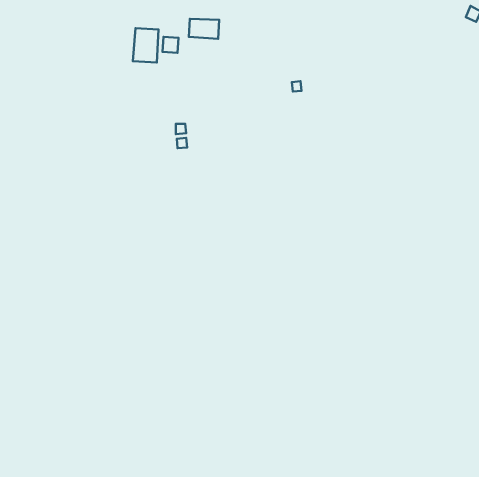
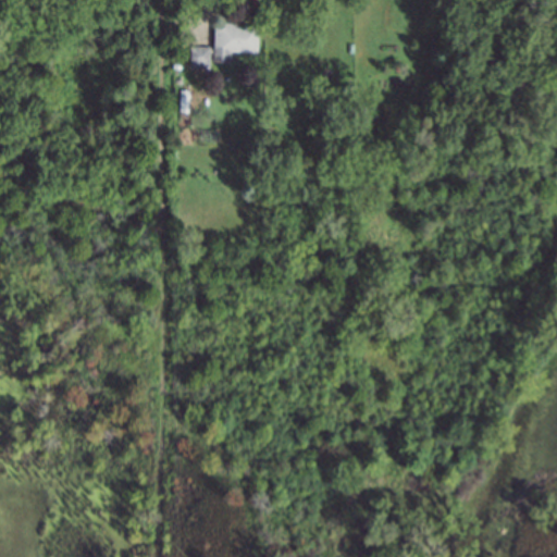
building: [133,28,158,63] -> none

